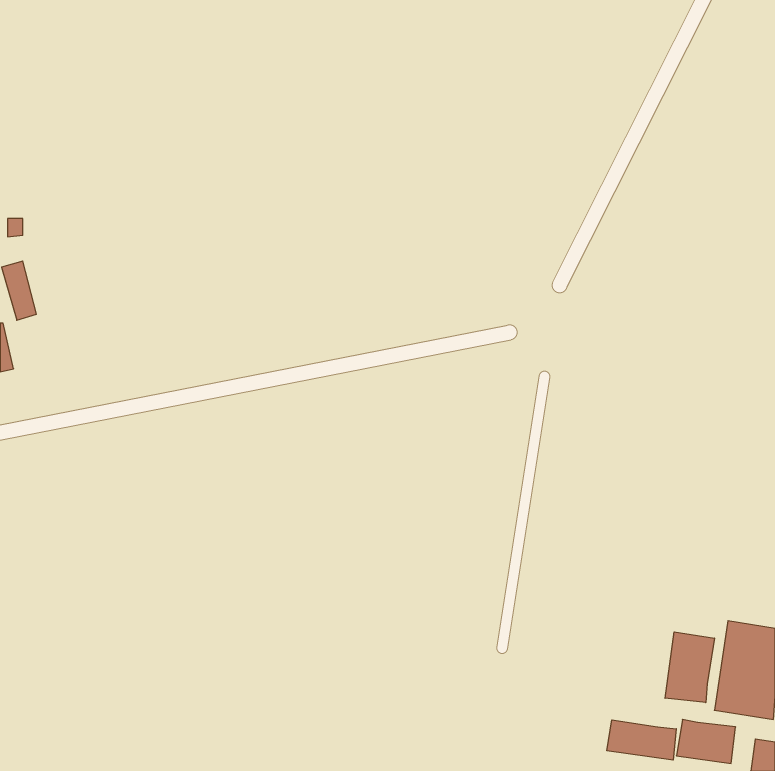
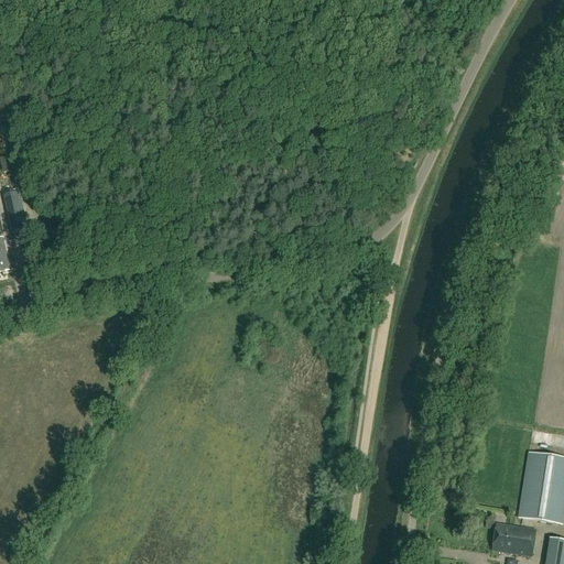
building: [665,632,714,703] -> none
building: [607,720,676,760] -> none

